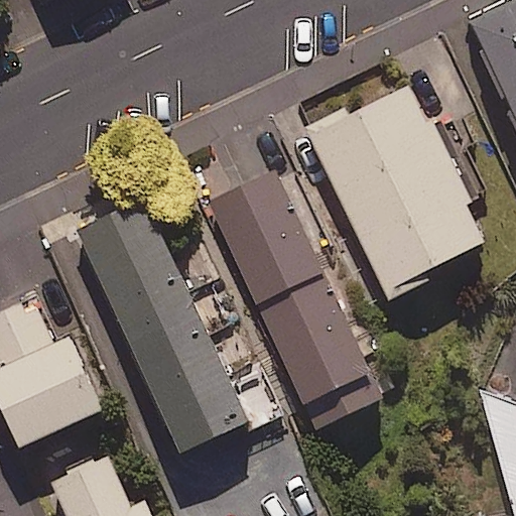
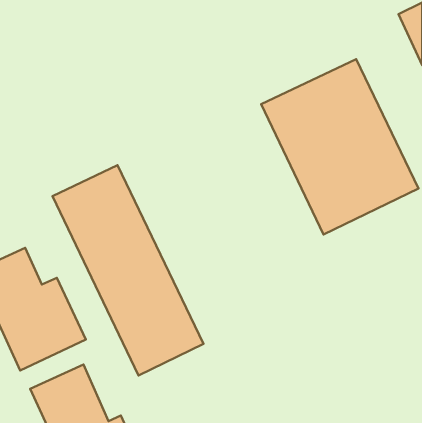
building: [211,177,377,413] -> none

